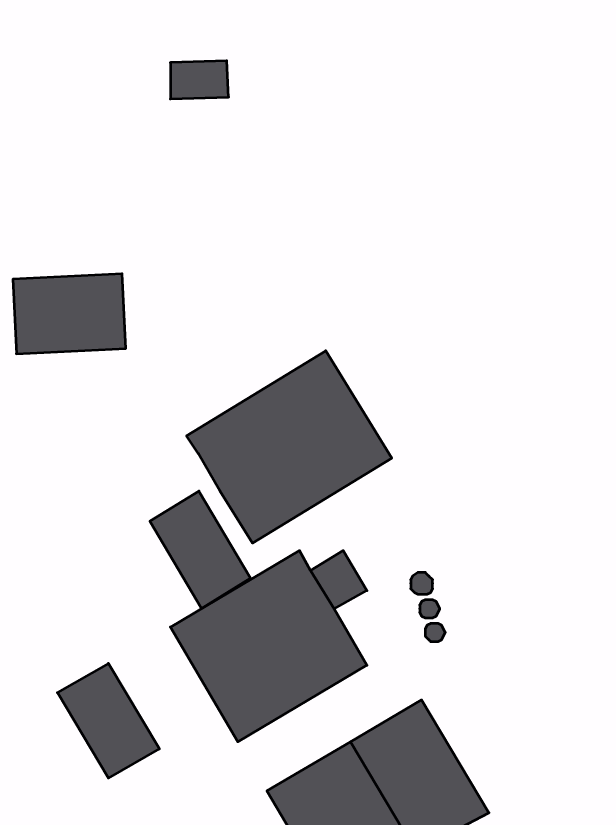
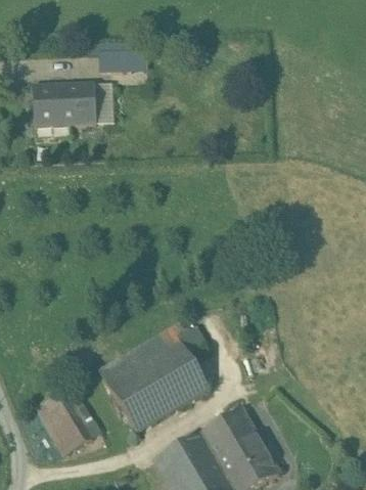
building: [13,274,126,354] -> [34,81,97,126]
building: [187,351,392,543] -> none
building: [150,491,250,609] -> none

